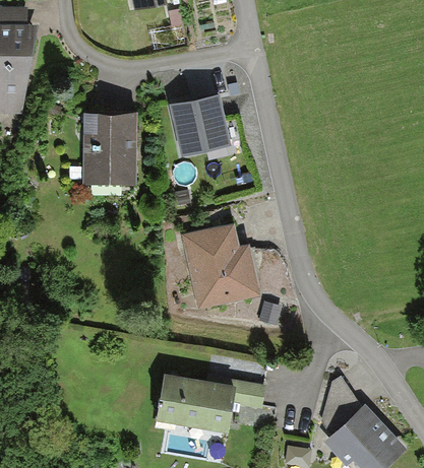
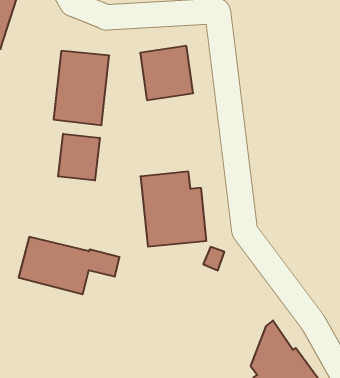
building: none -> [58,134,100,181]
building: [158,374,263,429] -> [19,237,120,294]

